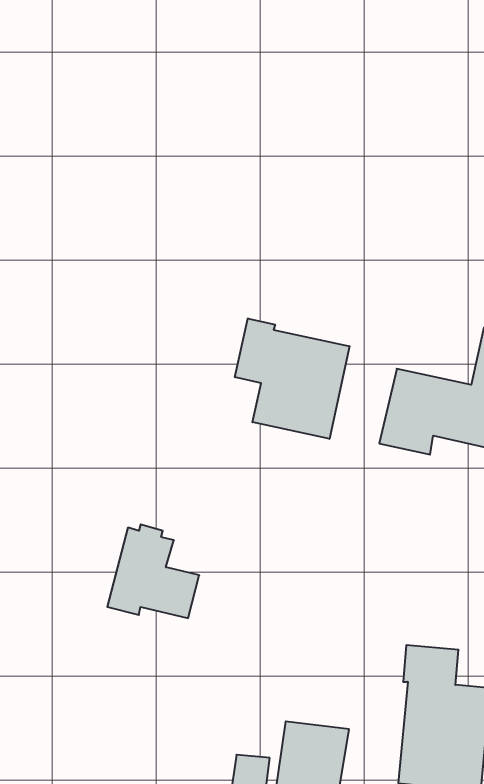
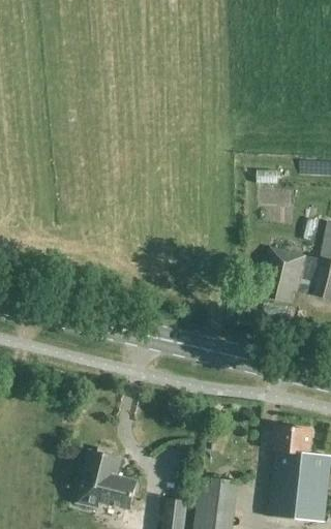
building: [235,318,349,439] -> none
building: [107,524,199,618] -> [78,447,138,508]

